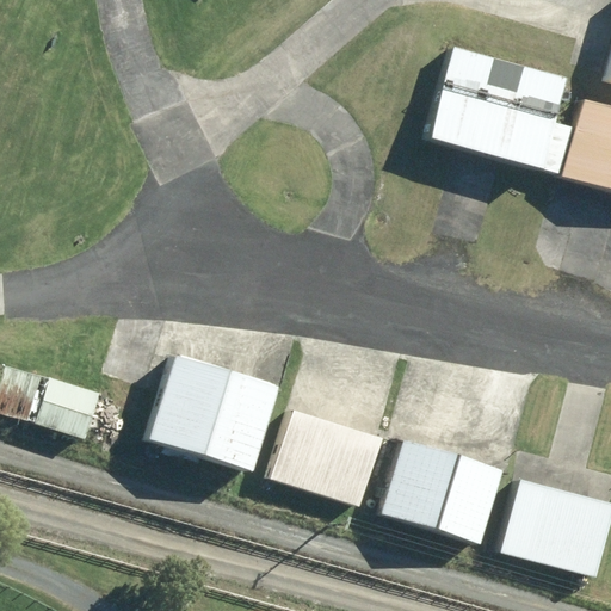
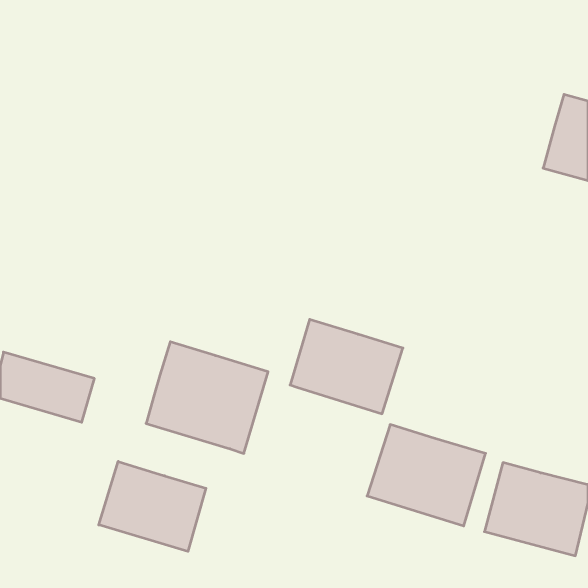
building: [430,48,573,174] -> none
building: [265,409,382,507] -> [290,319,403,414]
building: none -> [99,461,206,551]

